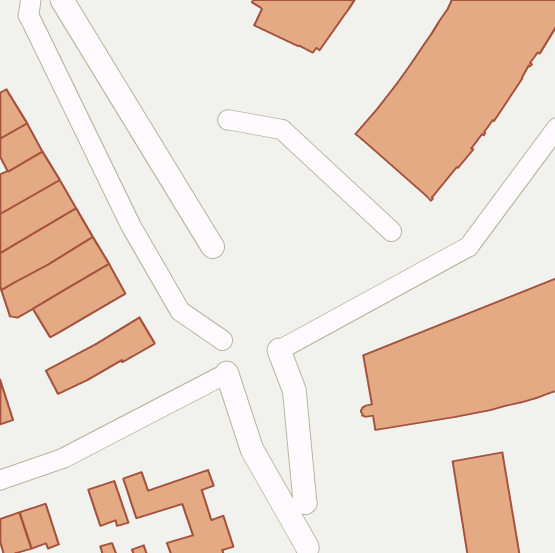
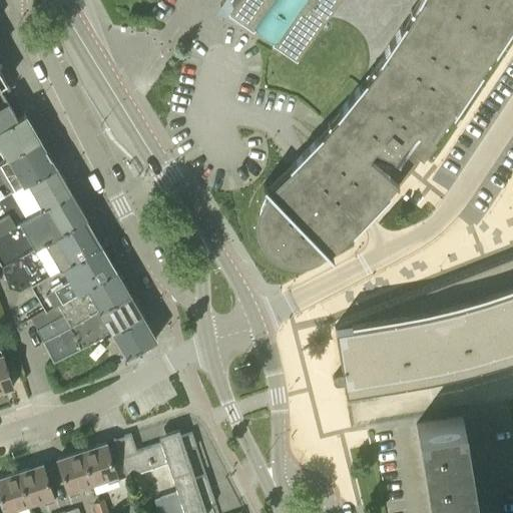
building: none -> [261,132,394,263]
building: none -> [32,274,130,345]
building: none -> [114,320,157,360]
building: none -> [59,454,94,499]

